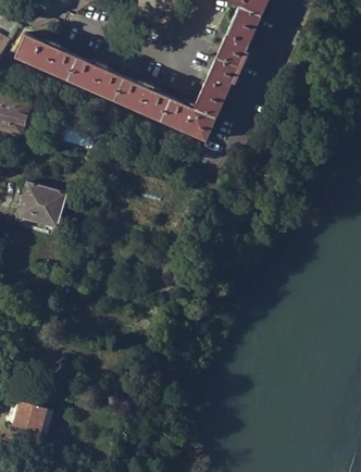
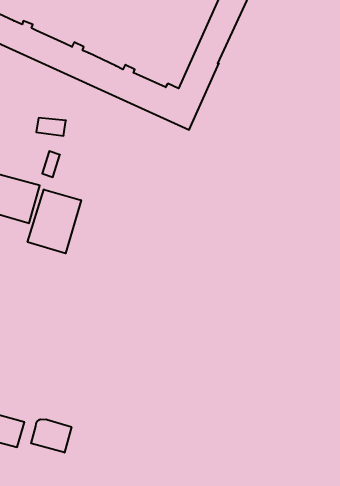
building: none -> [28,189,81,253]
building: none -> [31,419,71,453]

